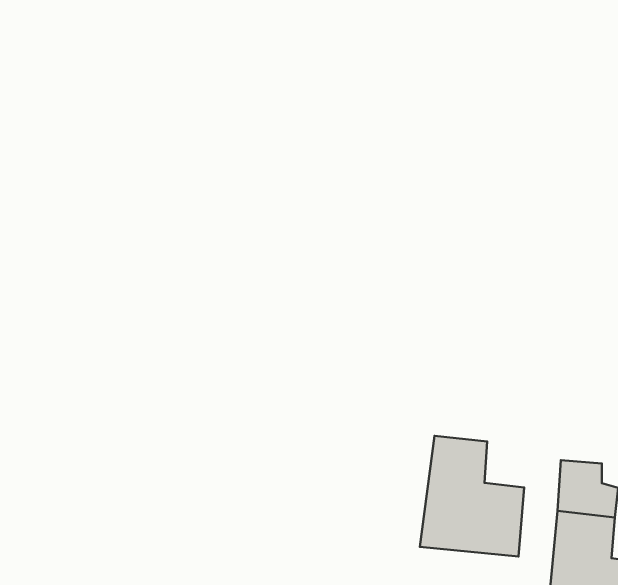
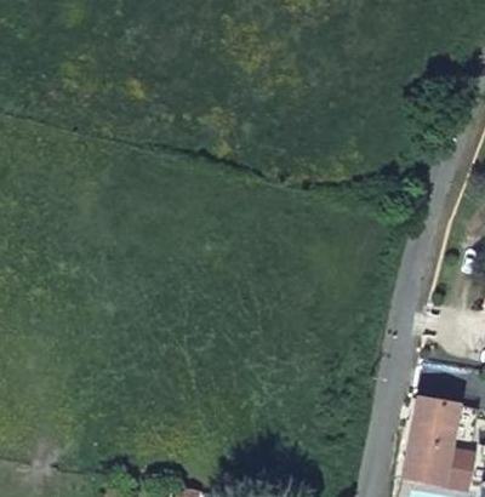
building: [420,436,524,556] -> none

